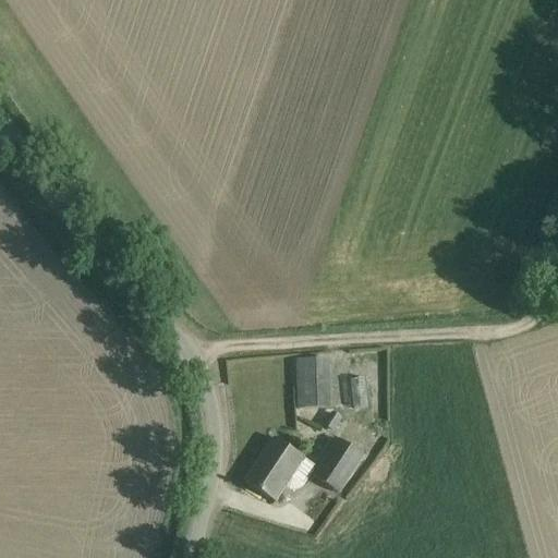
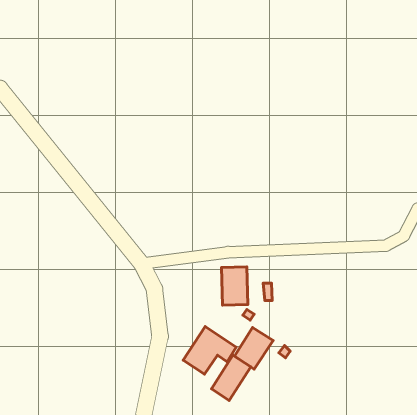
building: none -> [211,355,251,401]

